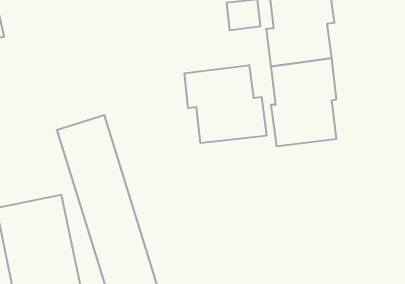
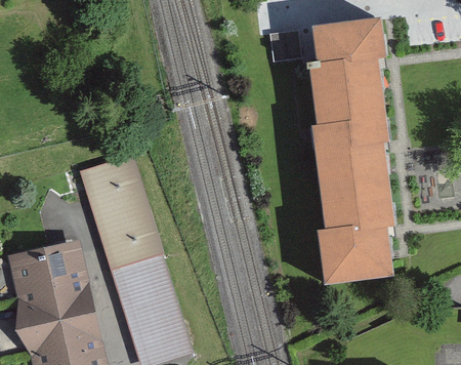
building: [184,65,266,143] -> none
building: none -> [317,180,391,280]

